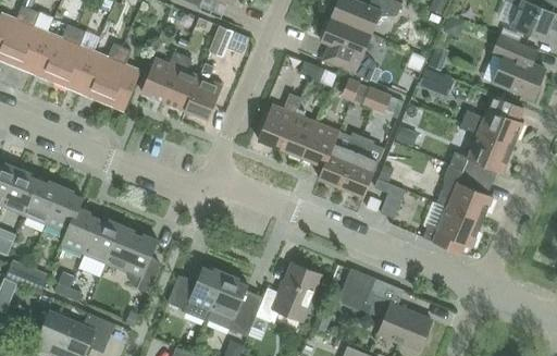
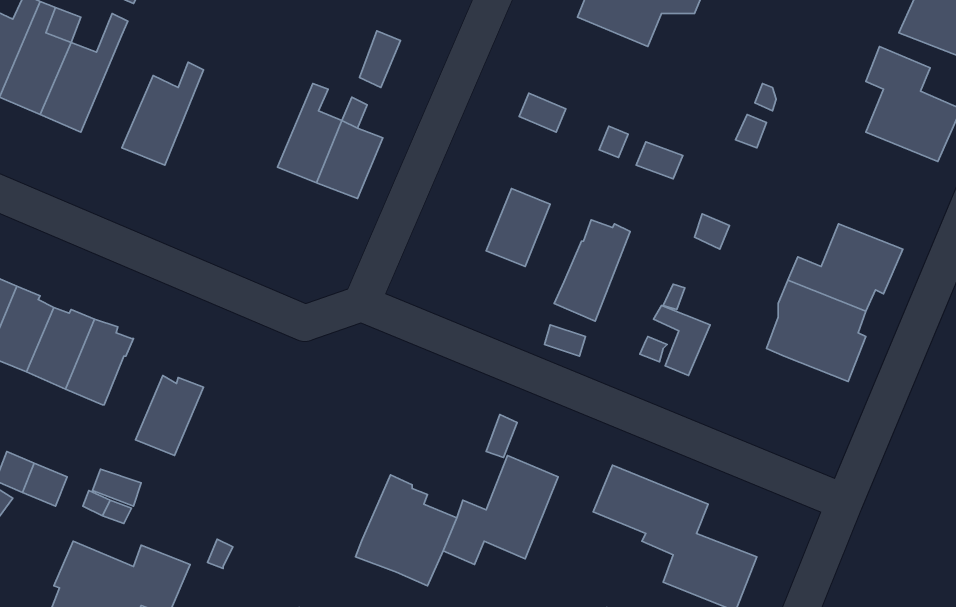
building: [320,17,375,79] -> none
building: [53,27,94,90] -> none
building: [100,47,140,110] -> none
building: [140,51,183,101] -> none
building: [257,93,300,148] -> none
building: [460,95,522,147] -> none
building: [301,122,338,165] -> none
building: [341,137,382,196] -> none
building: [61,207,99,254] -> none
building: [421,207,482,254] -> none
building: [106,224,159,292] -> none
building: [168,266,226,321] -> none

